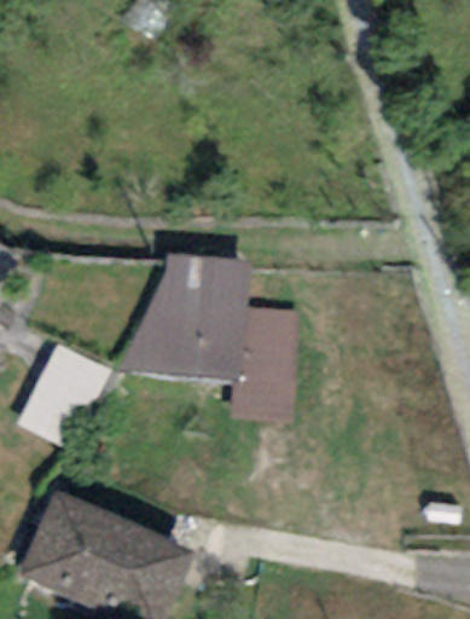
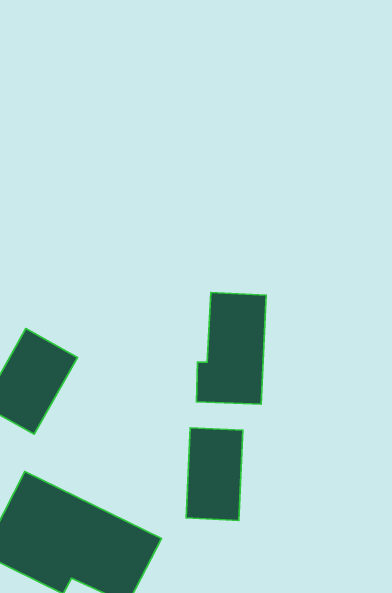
building: [116,254,250,377] -> none
building: none -> [186,428,243,520]

